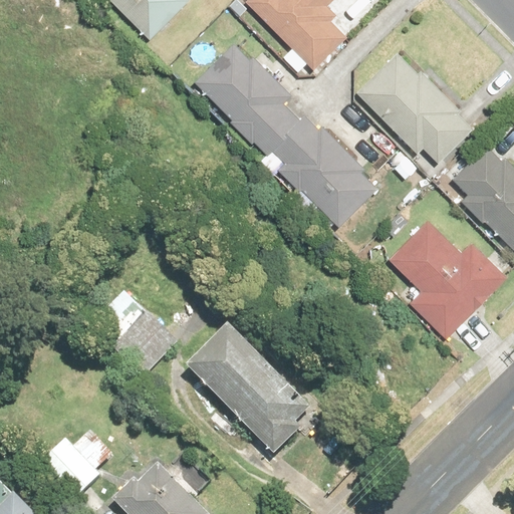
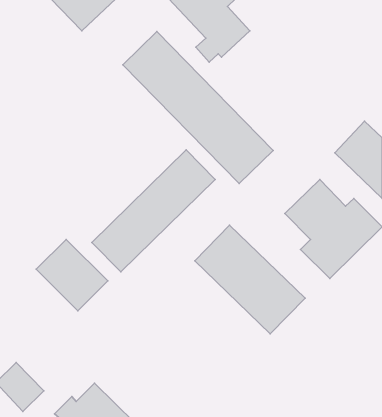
building: [358,57,477,163] -> none
building: none -> [92,150,215,272]
building: [190,325,323,457] -> [195,225,305,334]

